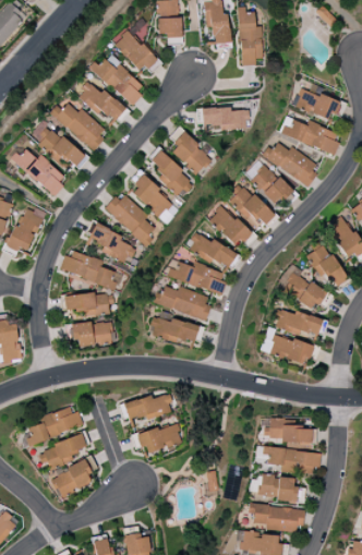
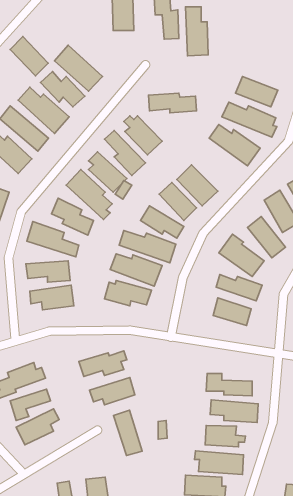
building: [113,29,156,73] -> [10,37,48,76]
building: [251,164,291,206] -> none
building: none -> [113,410,142,456]

